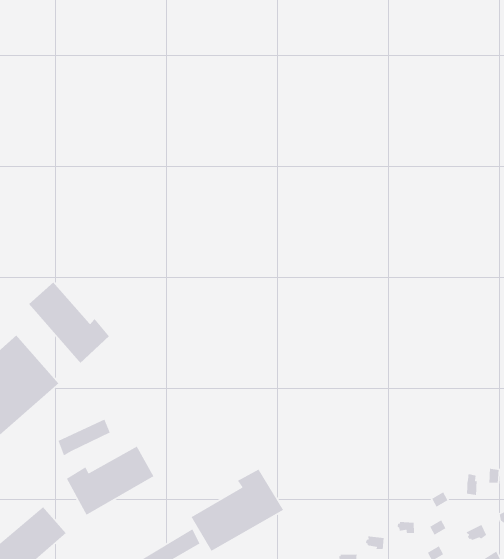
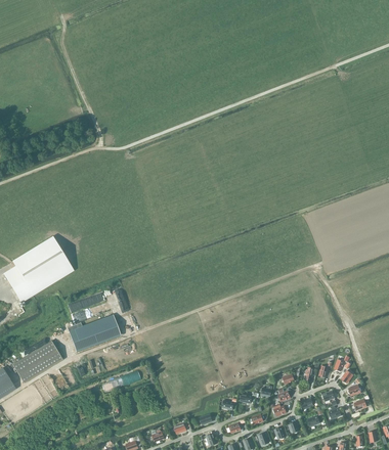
building: [28,282,110,364] -> none
building: [191,469,284,552] -> none

